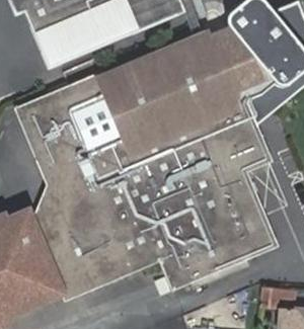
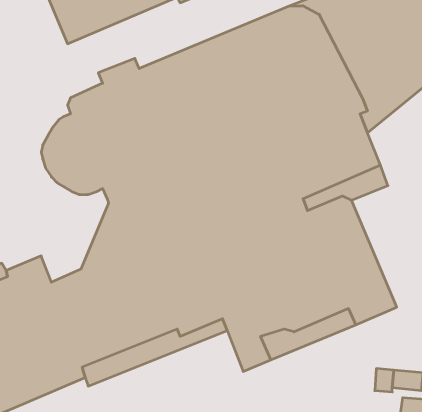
building: [13,83,77,228] -> none

